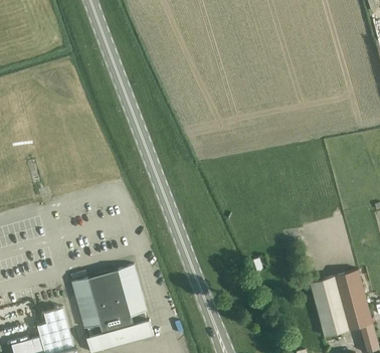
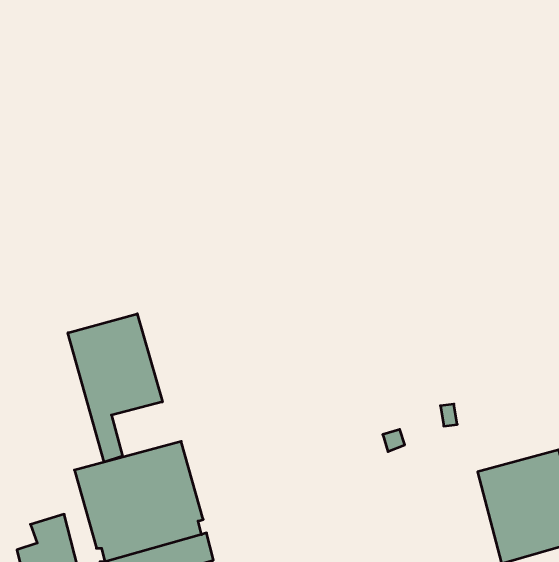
building: none -> [68,314,162,462]

